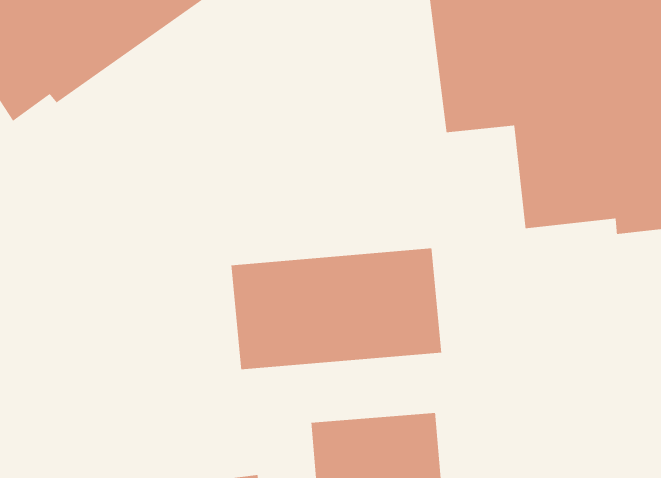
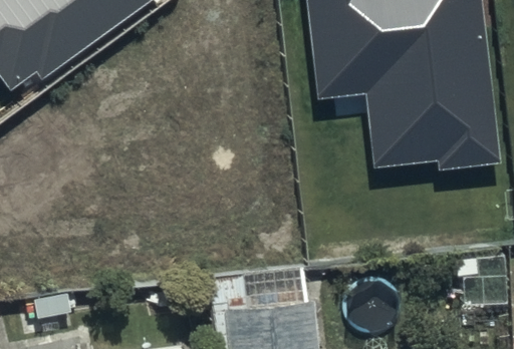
building: [231,248,442,370] -> none

